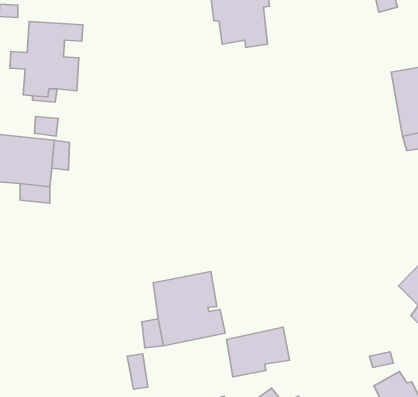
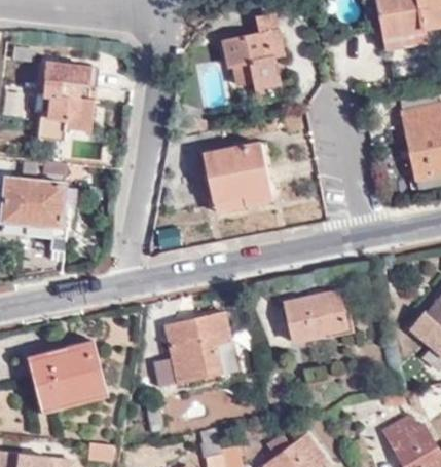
building: none -> [204,145,269,203]
building: none -> [25,346,93,404]
building: [227,327,289,377] -> [284,293,346,342]

